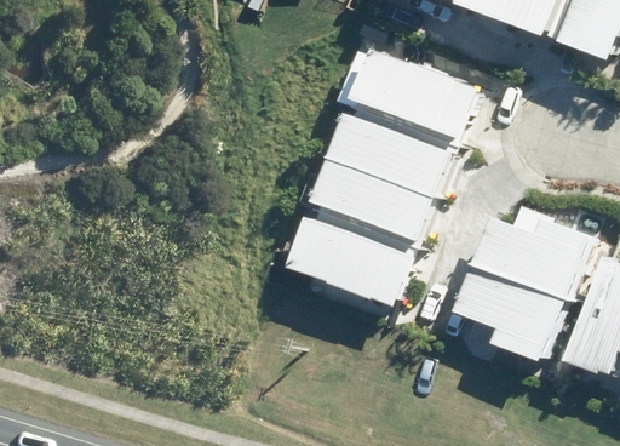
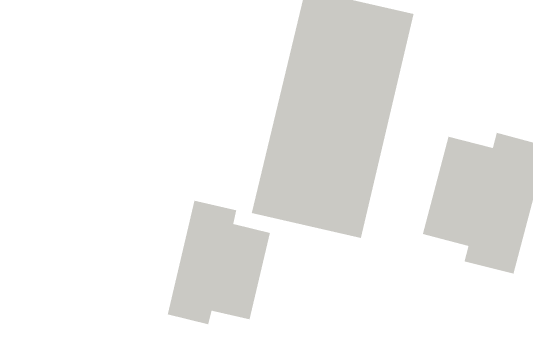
building: none -> [167,200,271,325]

